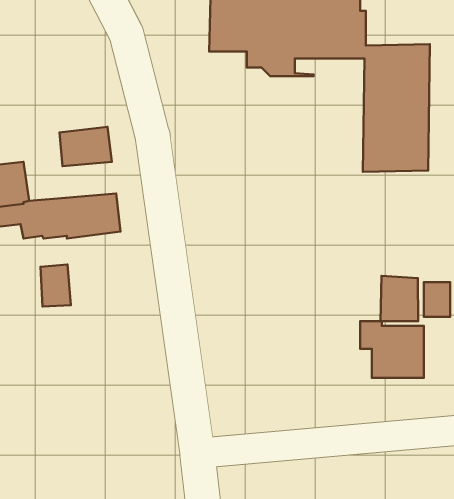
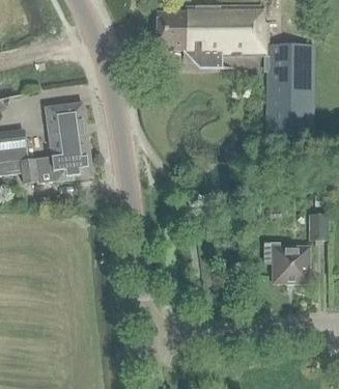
building: none -> [51,128,89,154]
building: [41,265,71,306] -> none
building: [381,276,418,321] -> none

